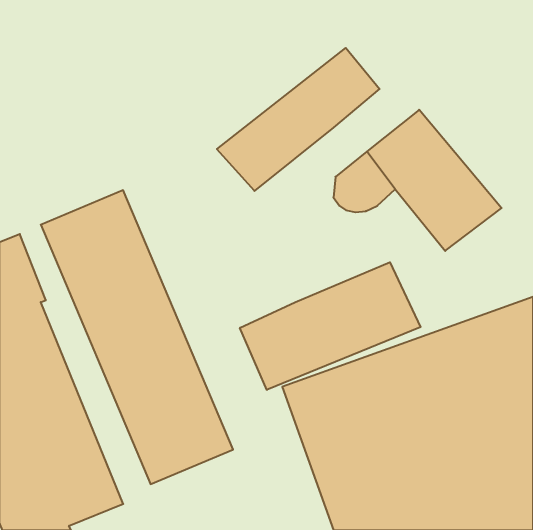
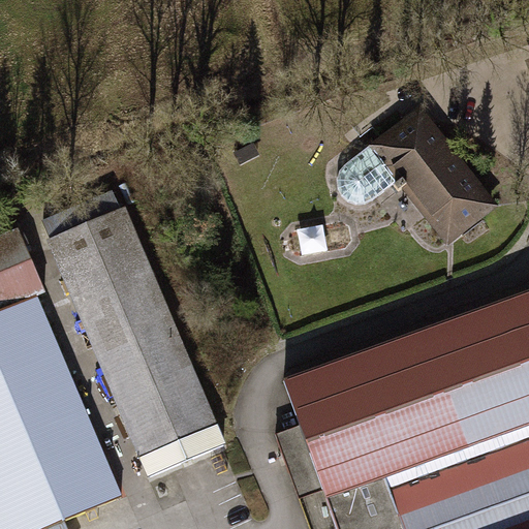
building: [217,48,380,191] -> none
building: [240,262,421,390] -> none

